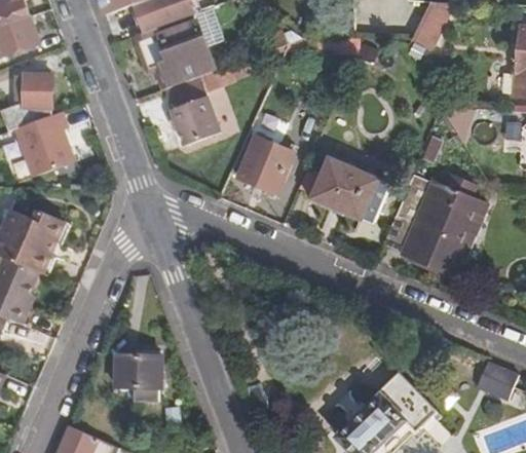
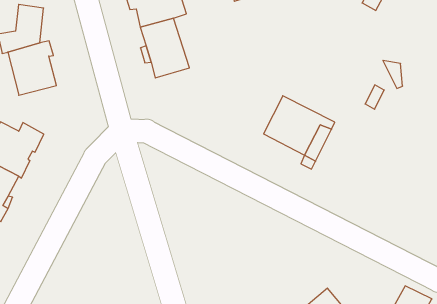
building: [240,137,295,193] -> none
building: [383,177,486,270] -> none
building: [115,353,161,386] -> none

